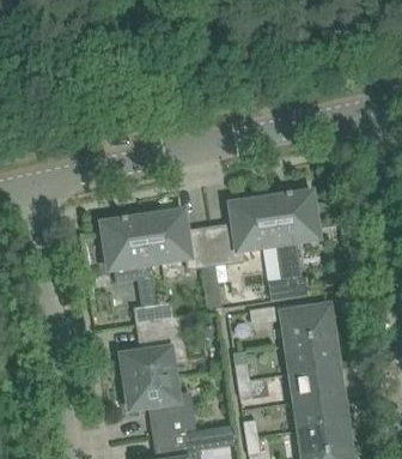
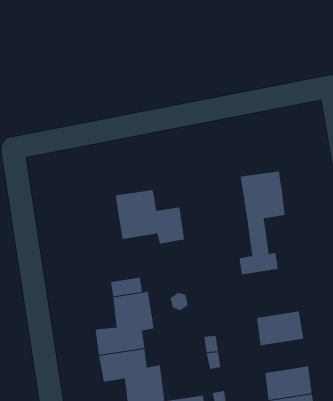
building: [208,198,276,262] -> none
building: [100,217,150,278] -> none
building: [248,301,330,343] -> none
building: [290,364,340,399] -> none

